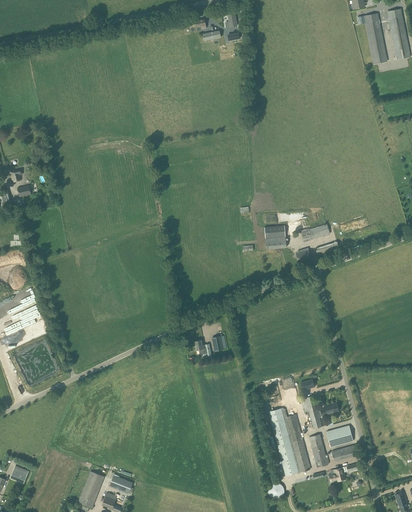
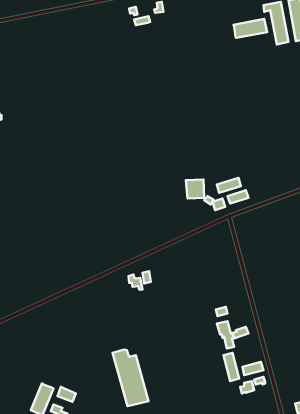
building: none -> [234,19,267,38]
building: [268,407,311,475] -> [113,349,148,406]
building: [326,425,353,447] -> none

